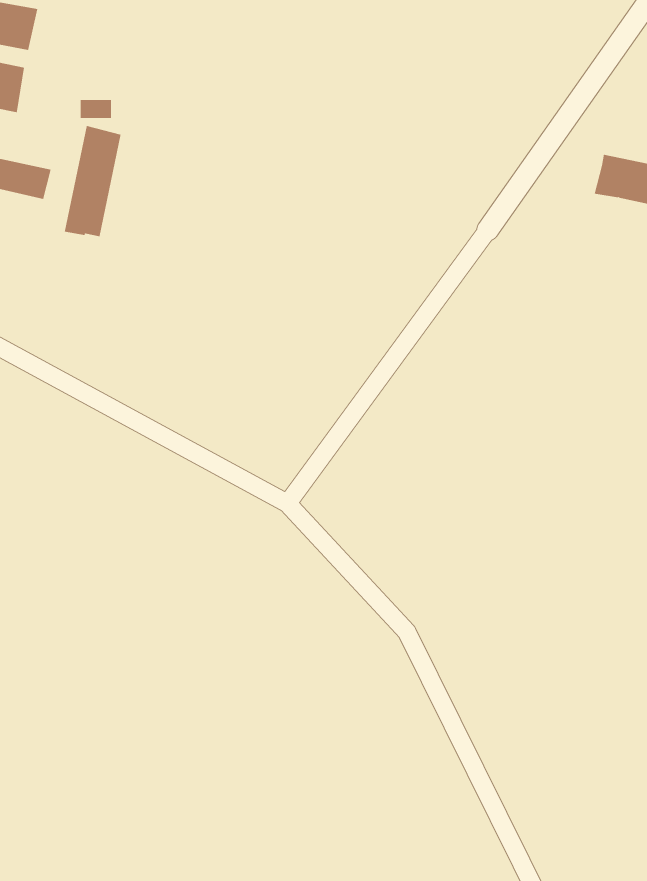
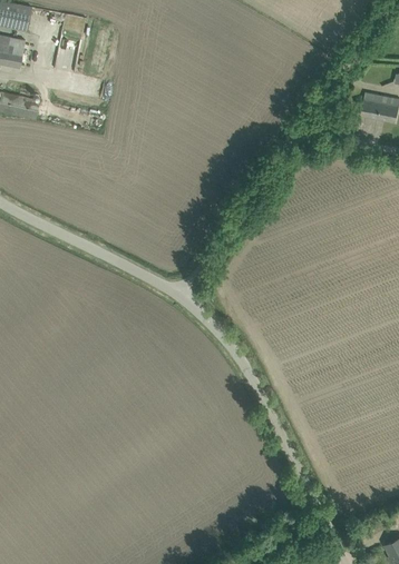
building: [64,125,121,237] -> none

